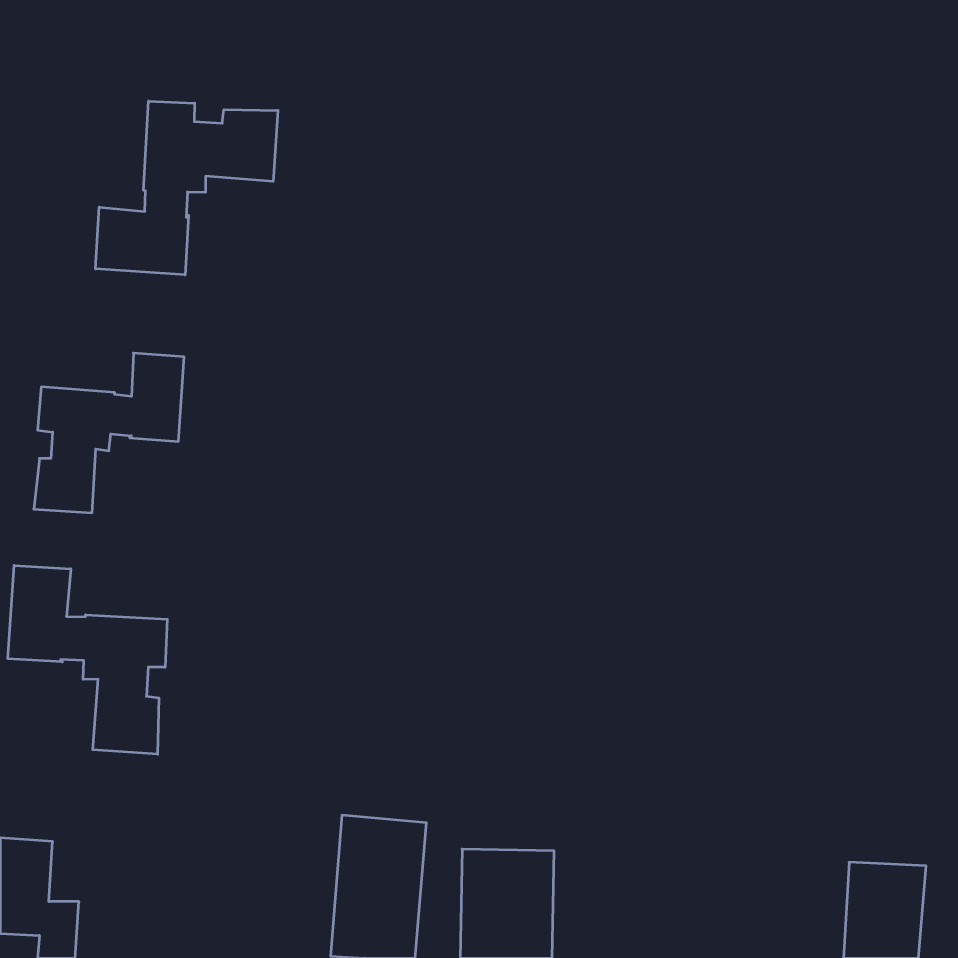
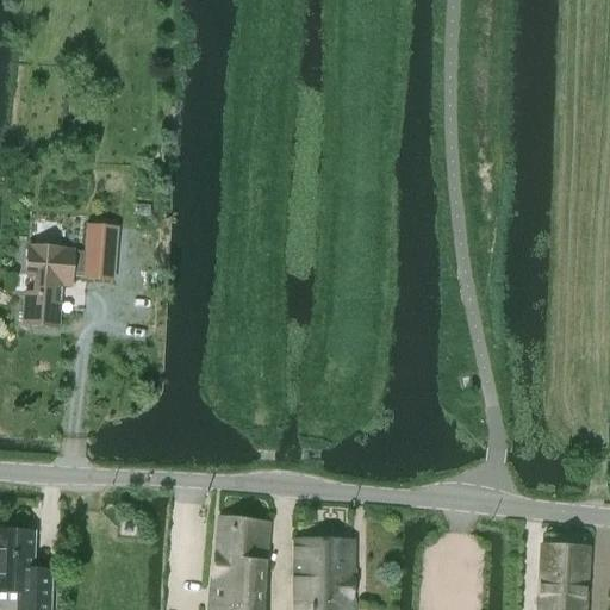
building: [96,101,278,275] -> none
building: [8,565,167,754] -> none

